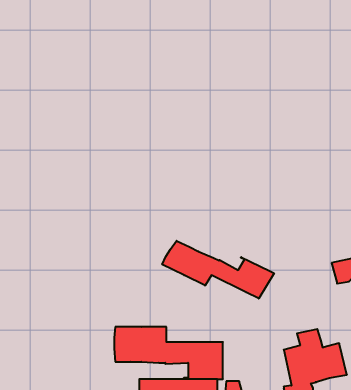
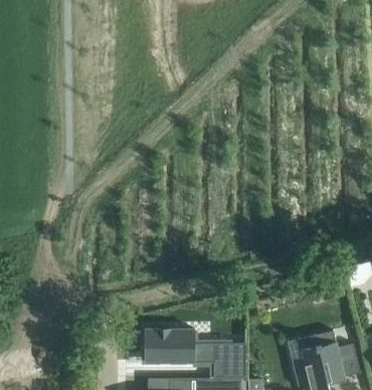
building: [162,241,274,299] -> none

